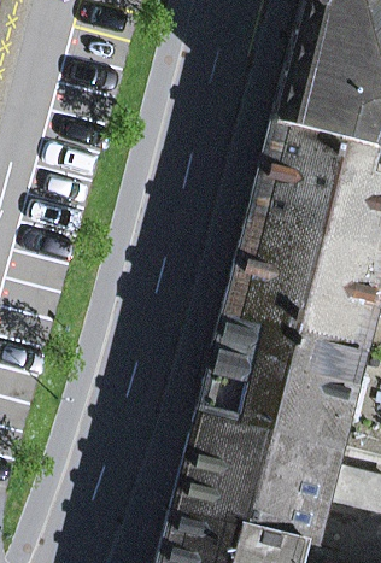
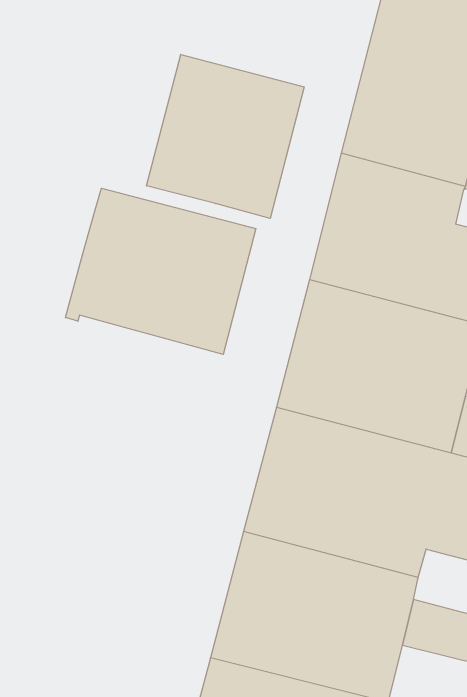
building: none -> [147,54,304,218]
building: none -> [66,188,256,354]

